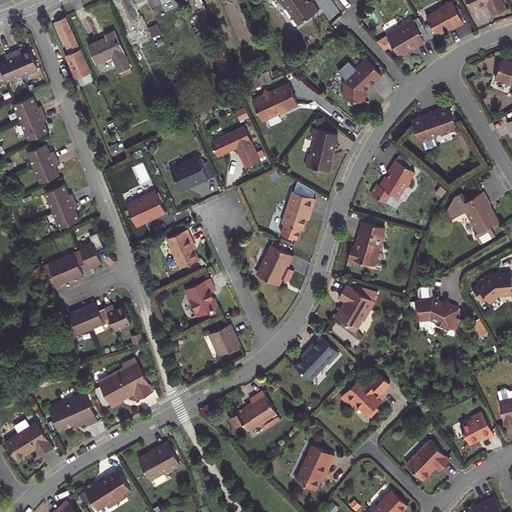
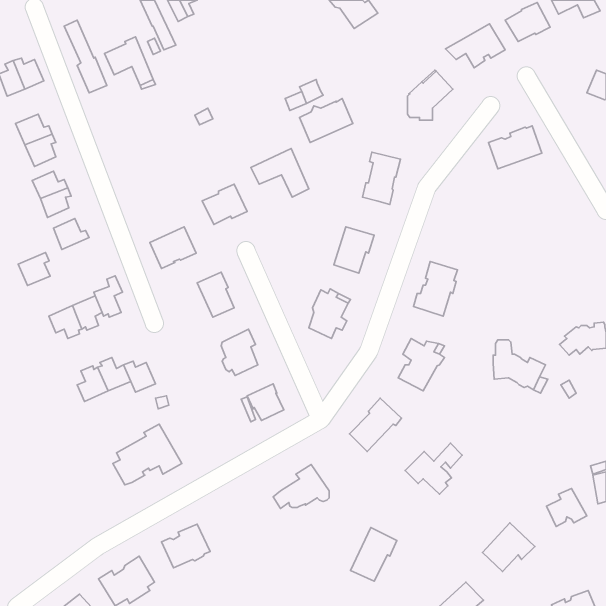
building: [370,160,414,203] -> none
building: [445,192,497,245] -> none
building: [52,201,79,229] -> [18,252,50,286]
building: [49,393,97,432] -> none
building: [5,423,52,461] -> none

